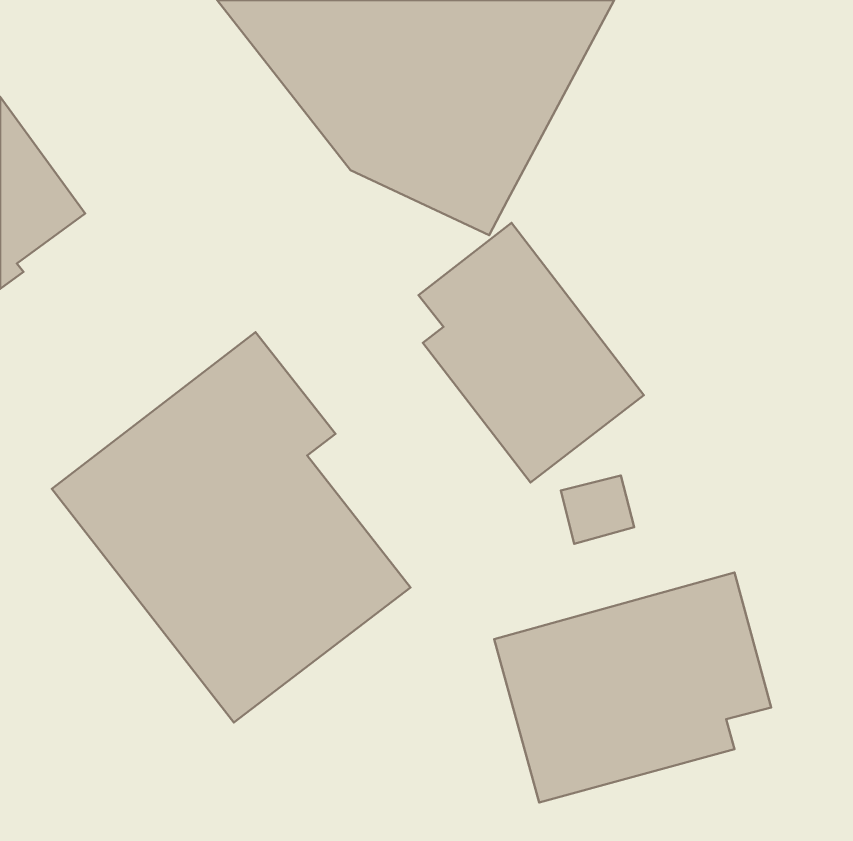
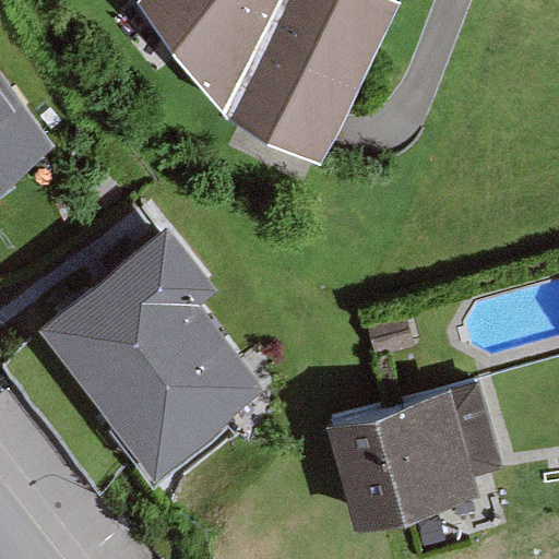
building: [418,223,644,482] -> none

